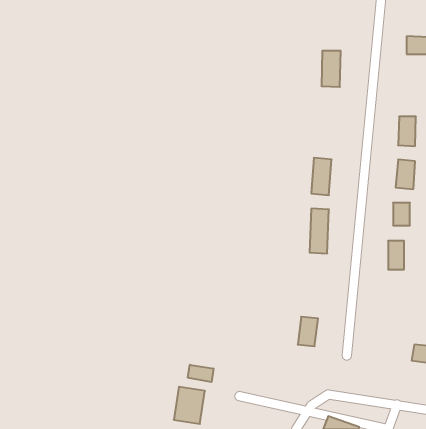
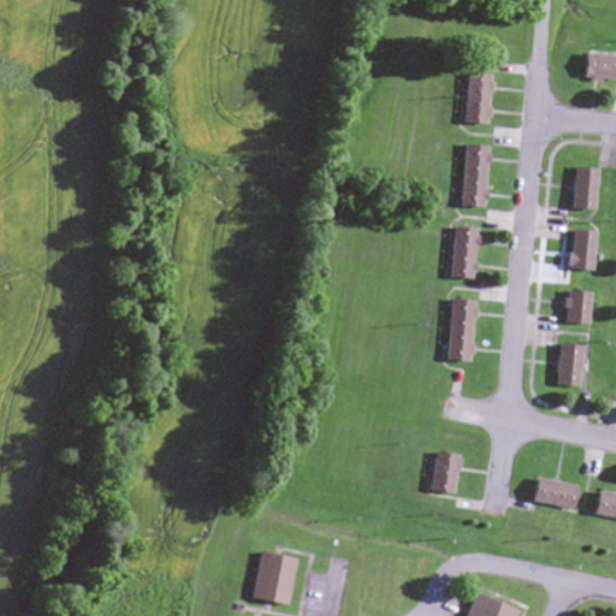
building: none -> [463,143,490,206]
building: none -> [533,476,579,508]
building: [188,365,213,382] -> none

